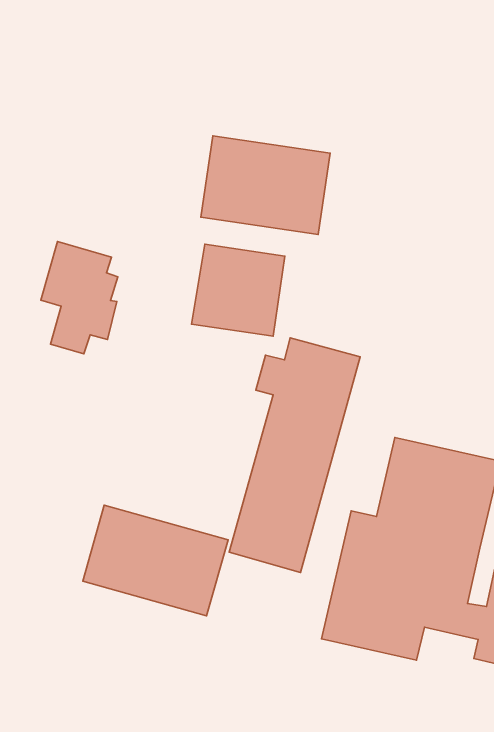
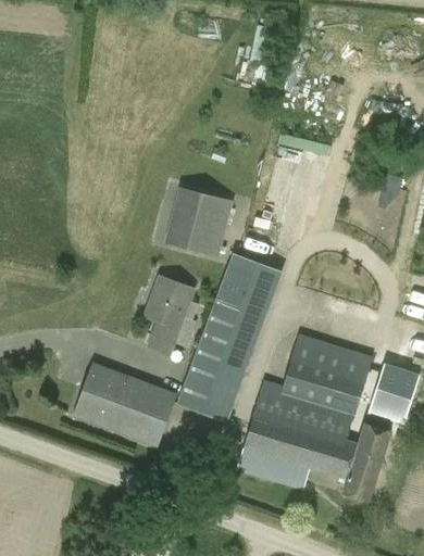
building: [201,136,330,235] -> none
building: [41,241,118,354] -> [142,275,198,355]

